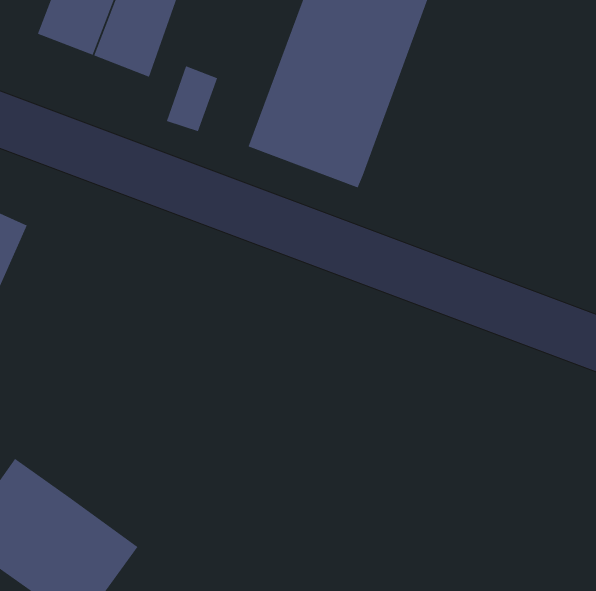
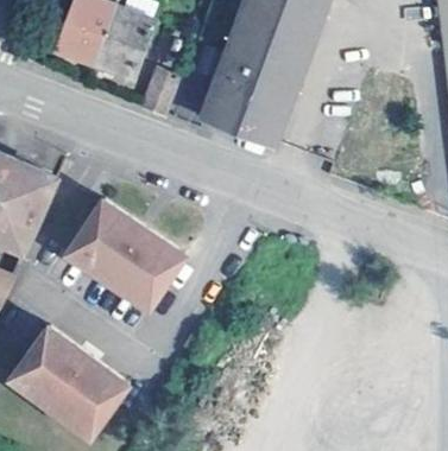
building: none -> [67,201,184,309]

